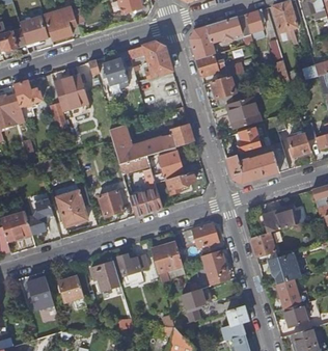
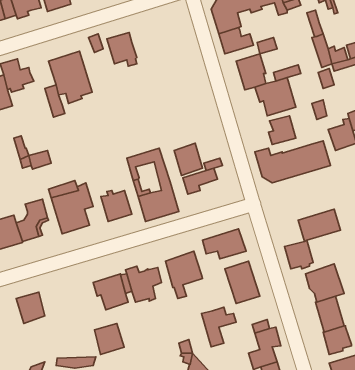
building: [128,42,172,78] -> none
building: [109,124,194,163] -> none
building: [59,275,84,301] -> [94,324,124,355]

